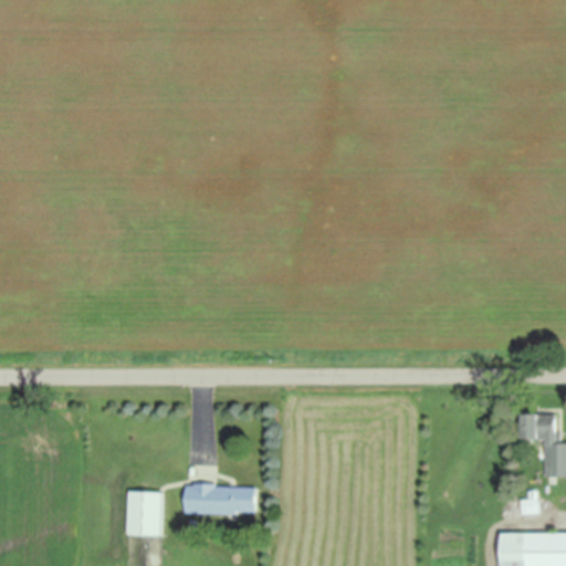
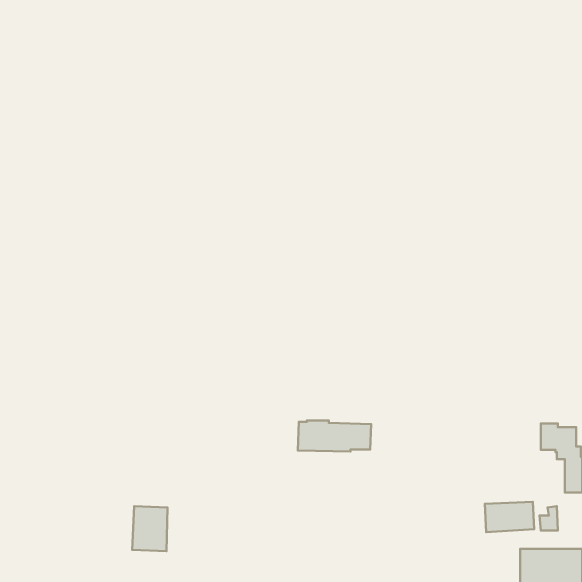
building: [185,485,255,515] -> [298,421,371,452]
building: none -> [485,502,534,532]

